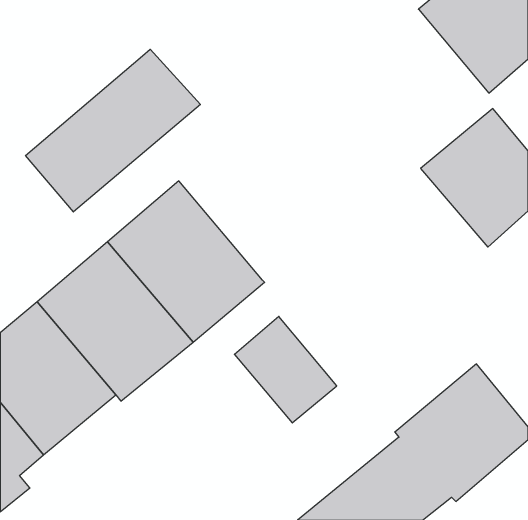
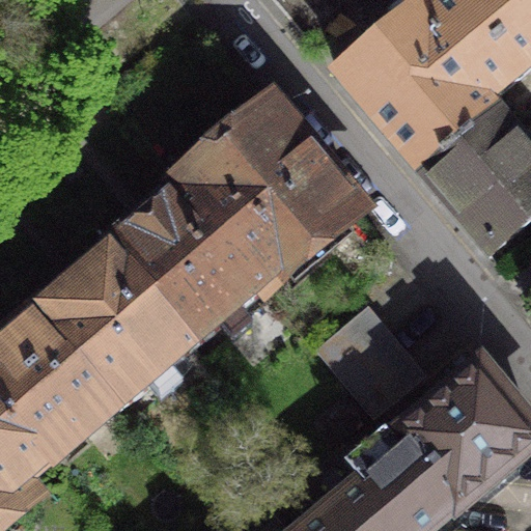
building: none -> [339,6,495,169]
building: [26,49,200,212] -> none
building: none -> [177,103,359,284]
building: [234,316,337,423] -> [316,306,419,413]

